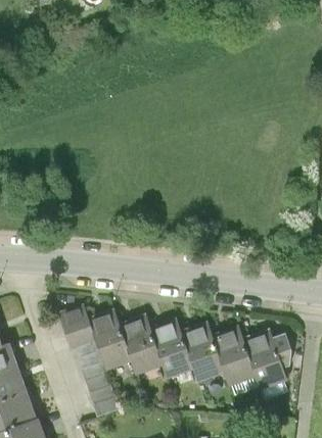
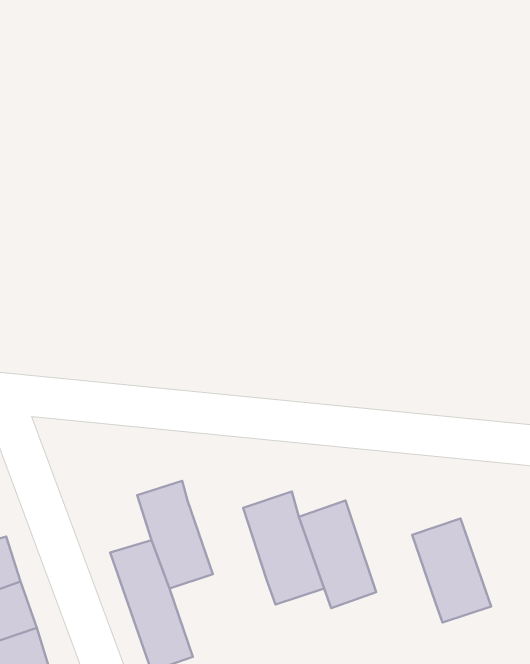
building: [58,302,96,351] -> none
building: [117,312,162,376] -> none
building: [212,328,258,389] -> none

